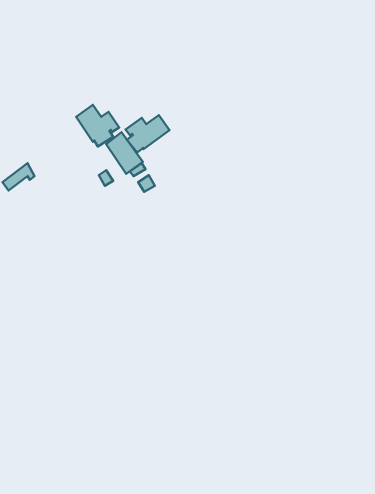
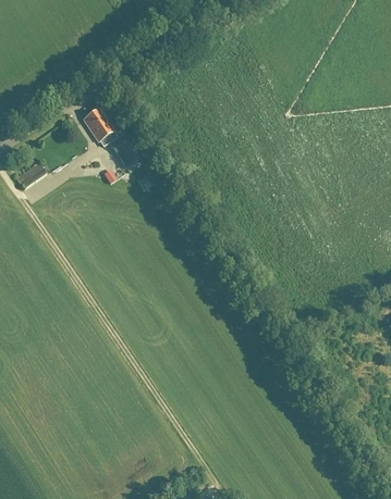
building: [125,115,169,152] -> none

